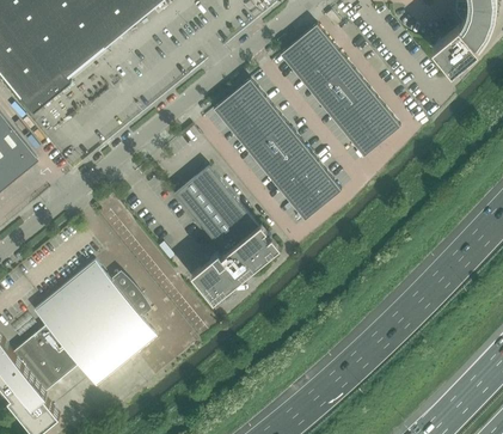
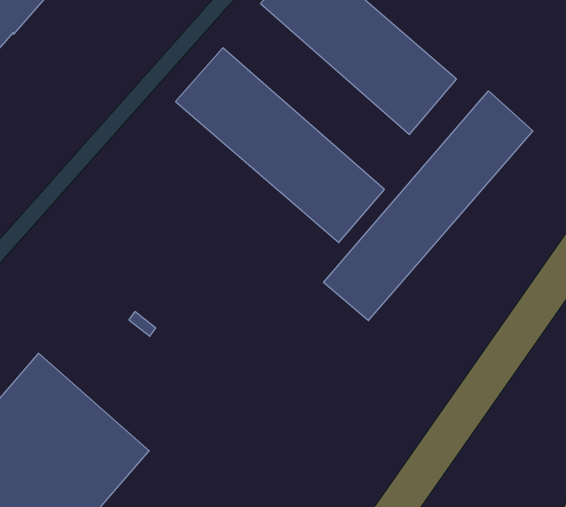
building: none -> [324,91,533,321]
building: [173,164,277,301] -> none

